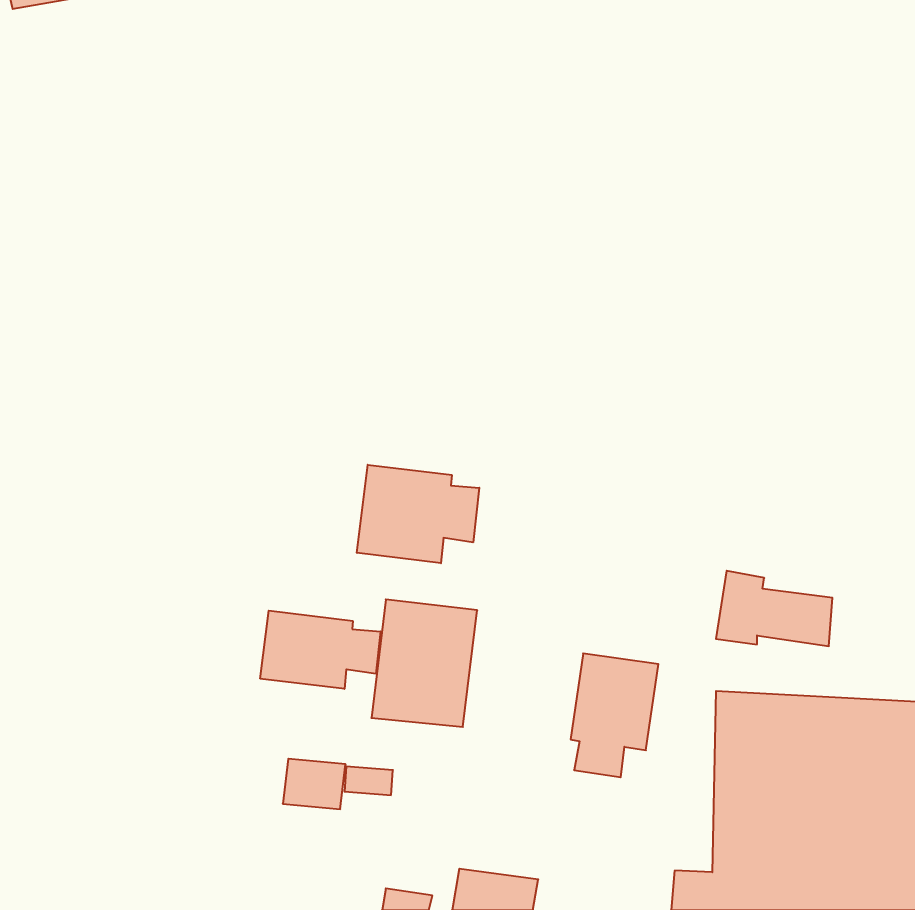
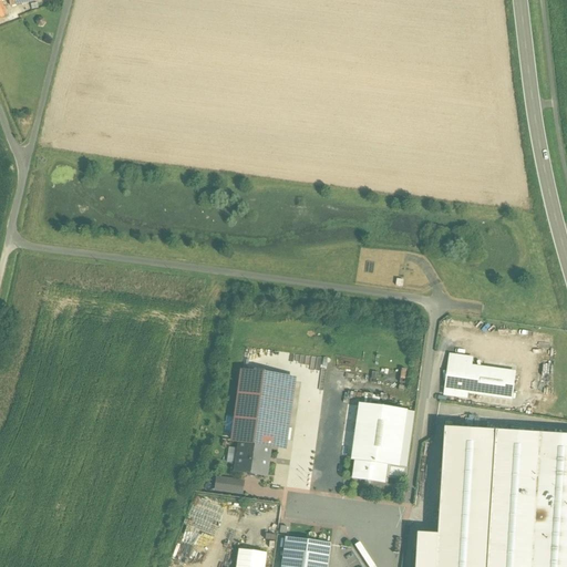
building: [357,465,479,563] -> none
building: [260,611,381,689] -> none
building: [283,759,346,809] -> [233,445,271,476]

